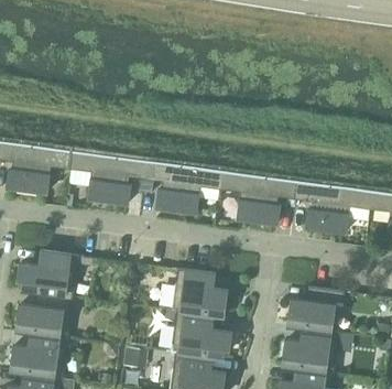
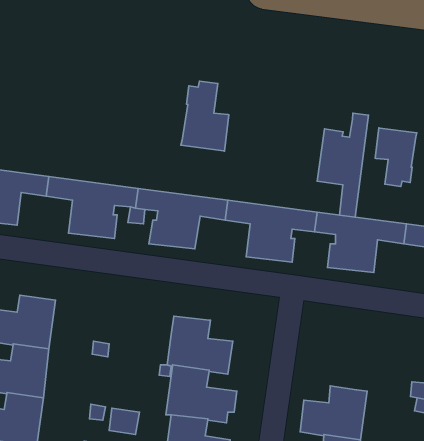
building: none -> [181,81,229,151]
building: none -> [317,113,368,217]
building: none -> [375,128,417,187]
building: [288,287,345,331] -> none

